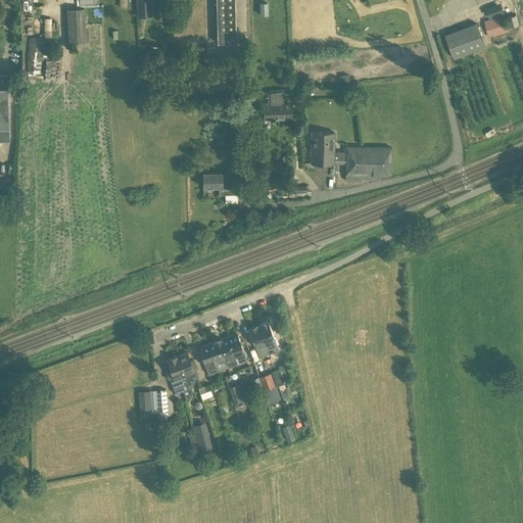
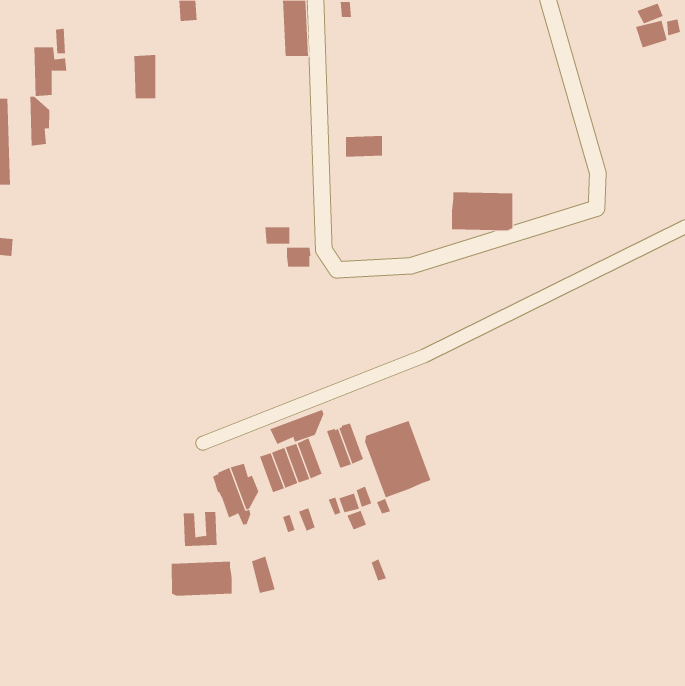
building: [65,11,83,45] -> [133,55,156,99]
building: [444,23,484,58] -> none
building: none -> [30,96,50,147]
building: [310,132,344,163] -> none
building: none -> [269,409,324,445]
building: none -> [364,420,431,498]
building: none -> [171,561,232,596]

